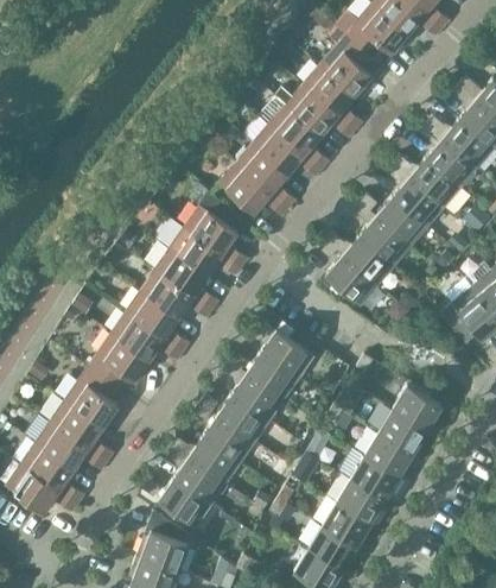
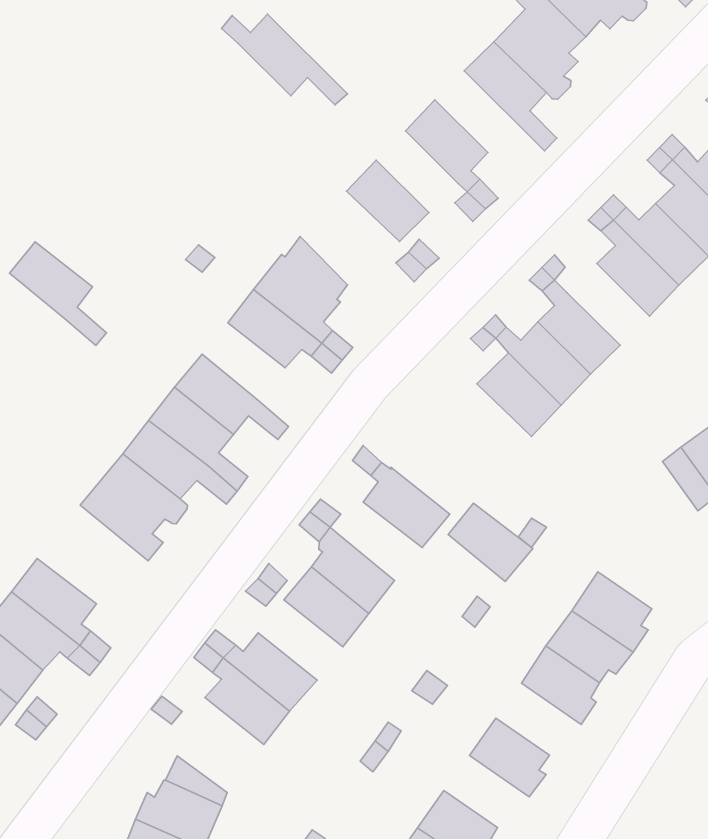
building: [275,86,355,138] -> [222,14,347,105]
building: [253,125,304,173] -> none
building: [218,164,271,214] -> none
building: [375,197,426,246] -> none
building: [155,249,217,310] -> [10,242,107,346]
building: [246,353,298,399] -> [448,503,533,582]
building: [64,367,132,426] -> none
building: [202,416,254,463] -> none
building: [350,456,402,499] -> none
building: [158,479,210,527] -> none
building: [322,502,374,545] -> none

